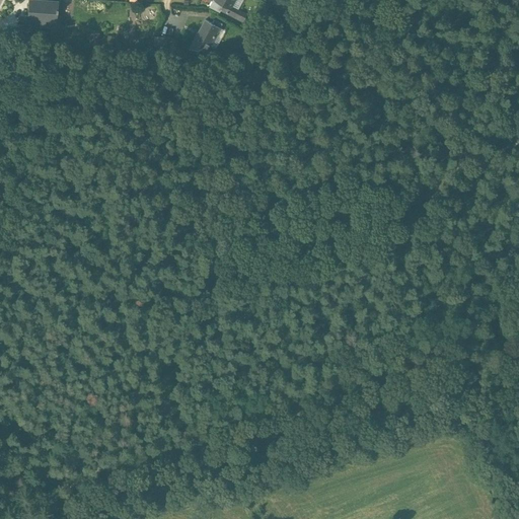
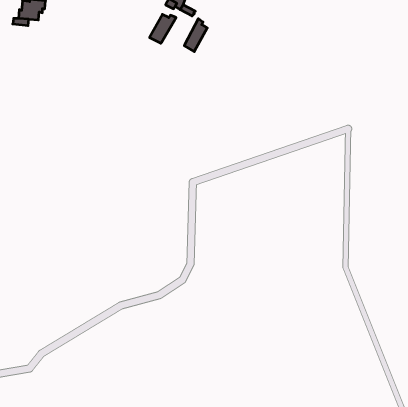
building: none -> [184,19,207,52]

